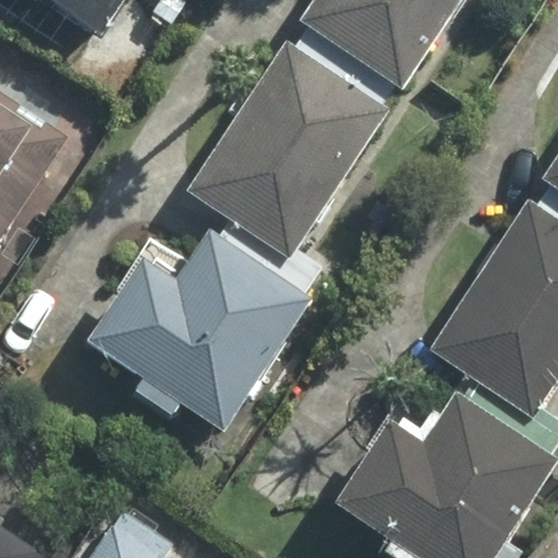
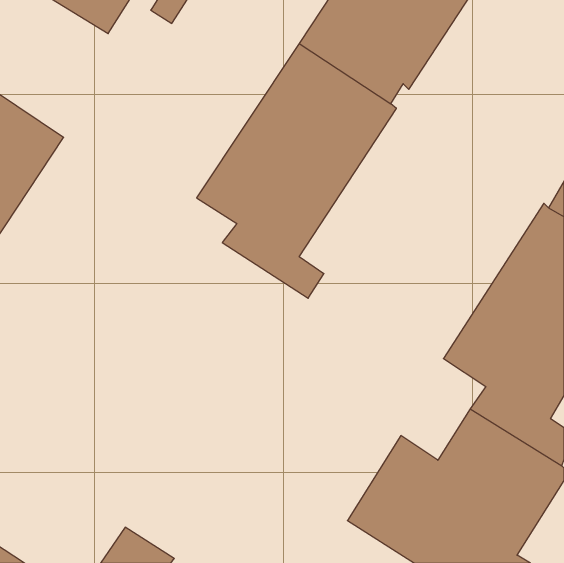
building: [92,236,311,432] -> none

